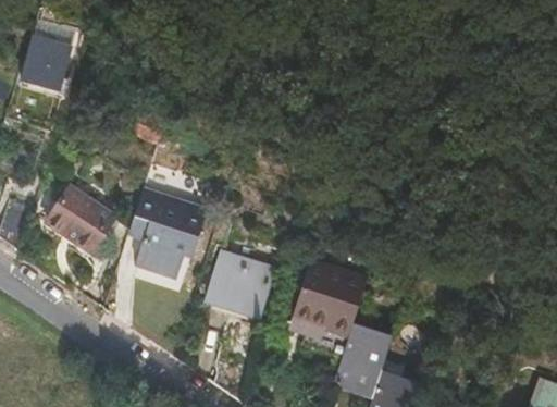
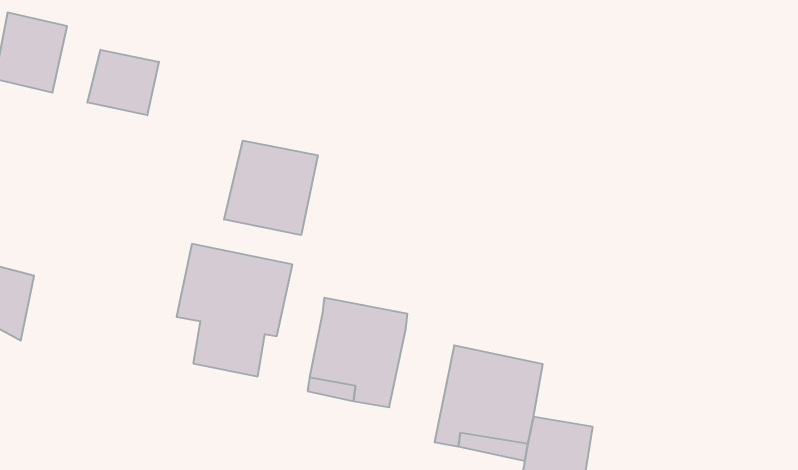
building: none -> [87,50,159,115]
building: none -> [224,141,318,235]
building: [51,176,121,244] -> none

